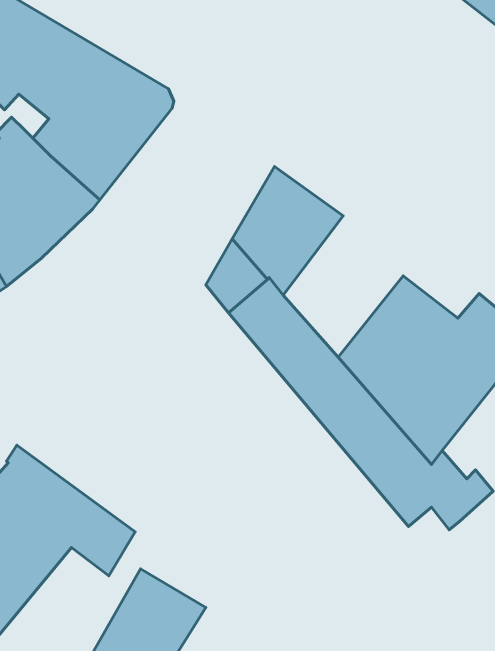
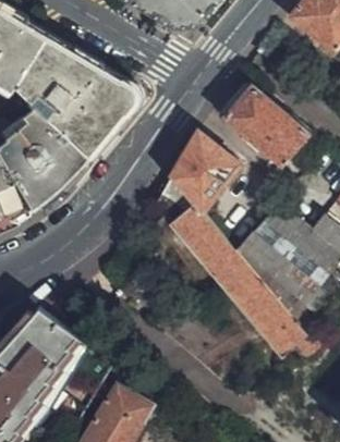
building: none -> [223,85,309,165]

